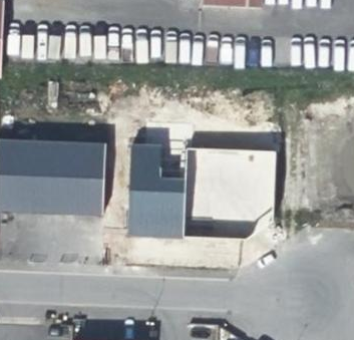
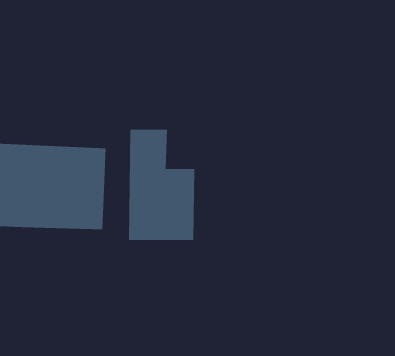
building: [184,143,272,226] -> none

